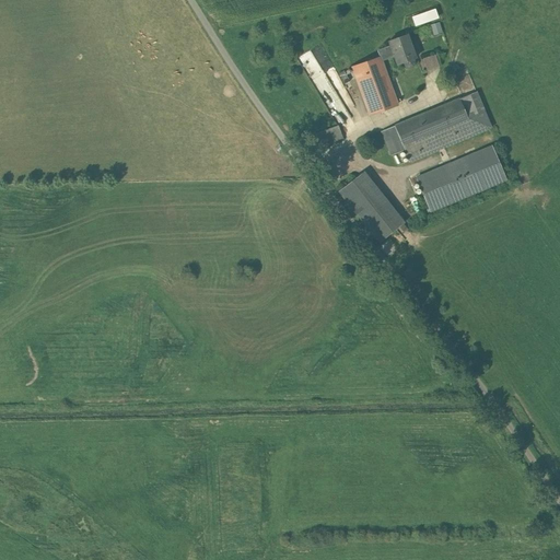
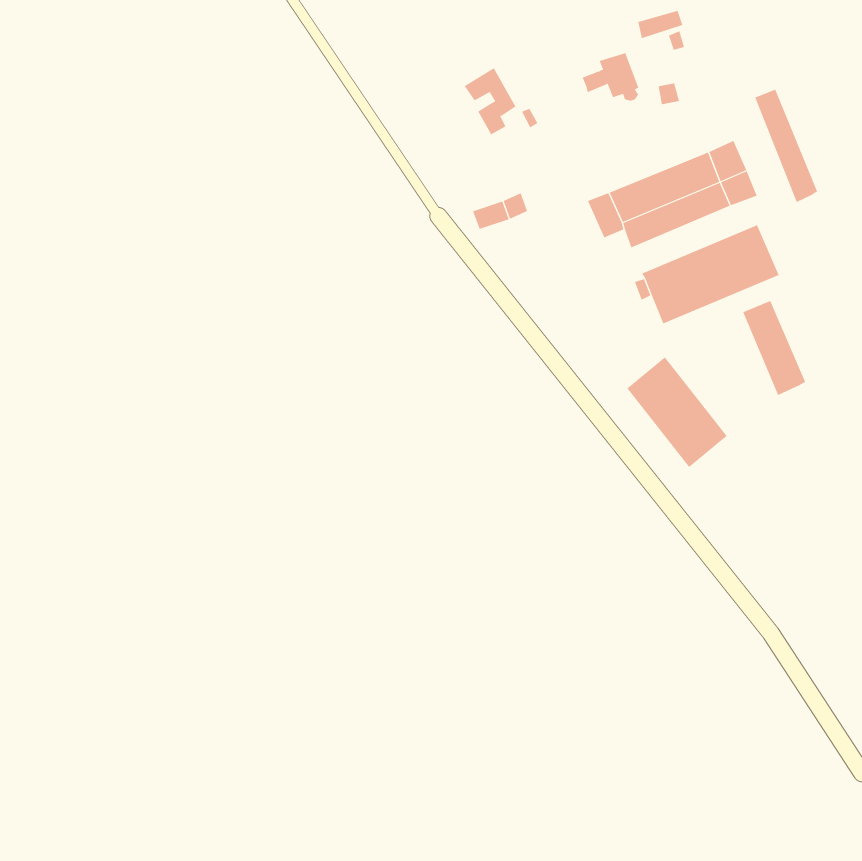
building: [352,56,397,114] -> none
building: none -> [754,89,818,203]
building: [338,170,404,242] -> [626,357,728,468]
building: none -> [743,300,806,396]

